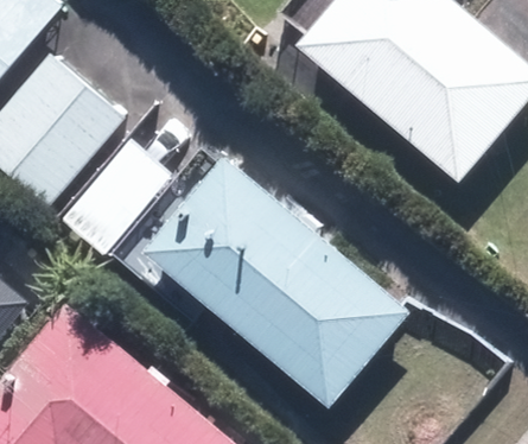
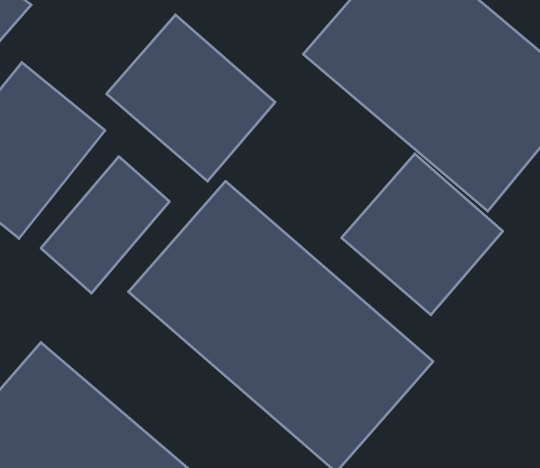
building: none -> [107,15,275,181]
building: none -> [342,154,503,315]

